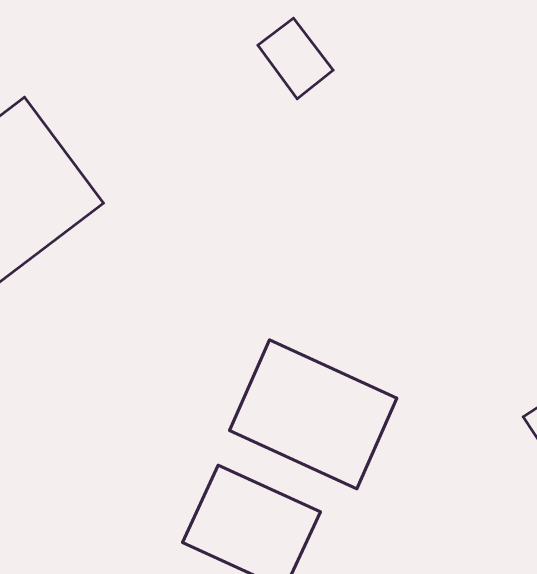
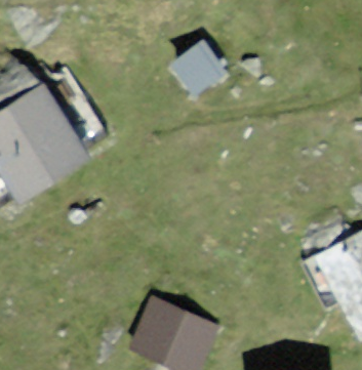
building: [229,340,397,489] -> none

